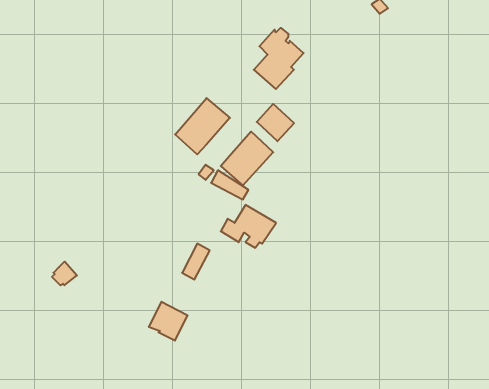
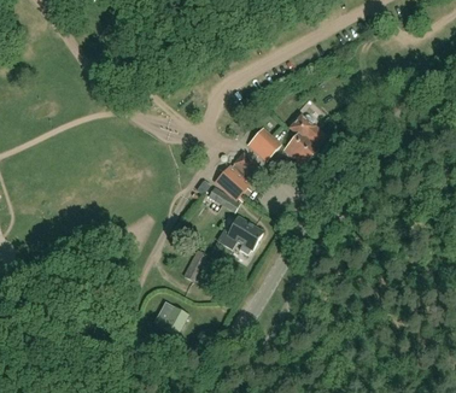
building: [254,28,304,89] -> [282,115,326,168]
building: [175,98,230,154] -> none

